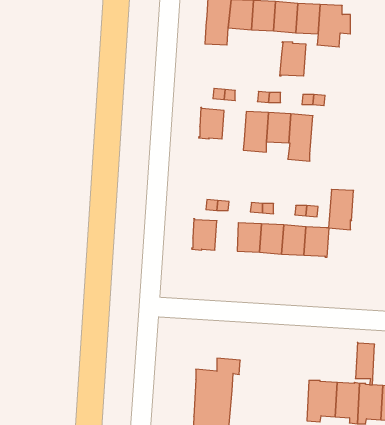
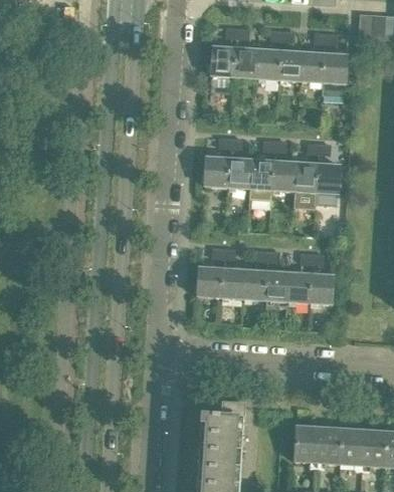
building: [280,42,306,76] -> none
building: none -> [228,158,252,187]
building: [328,189,354,230] -> [316,163,341,203]
building: none -> [221,267,244,297]
building: [355,342,375,385] -> [296,424,315,466]

